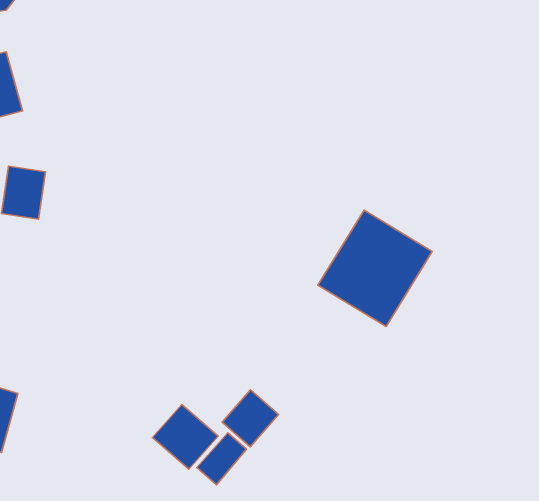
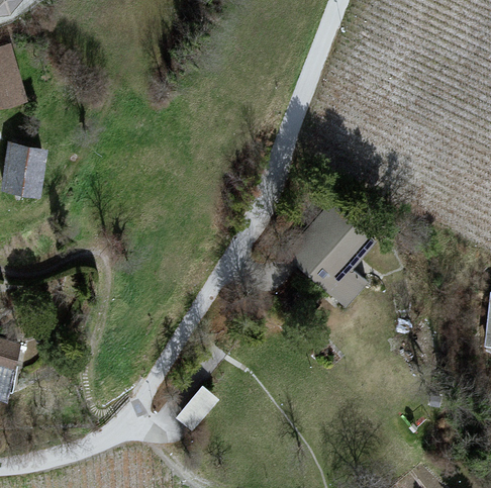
building: [222,390,278,447] -> none
building: [153,404,218,469] -> none

